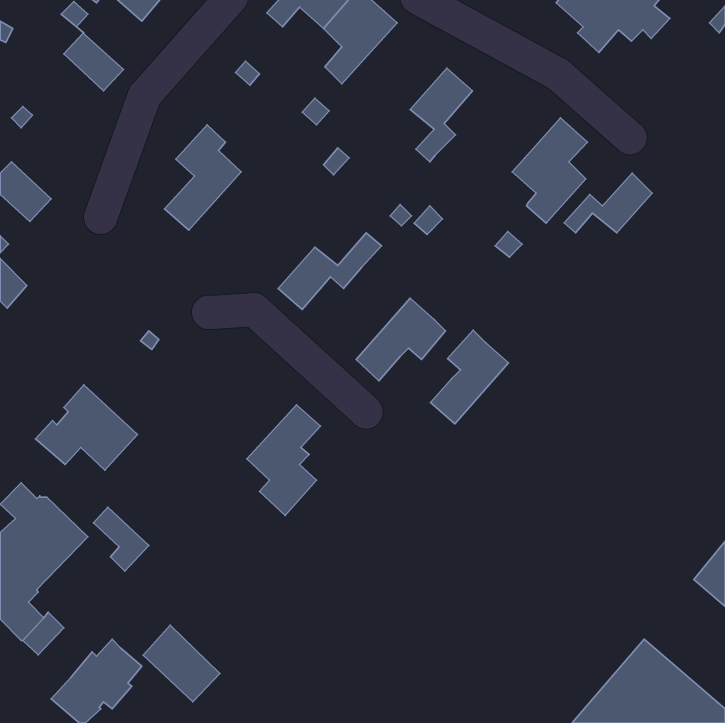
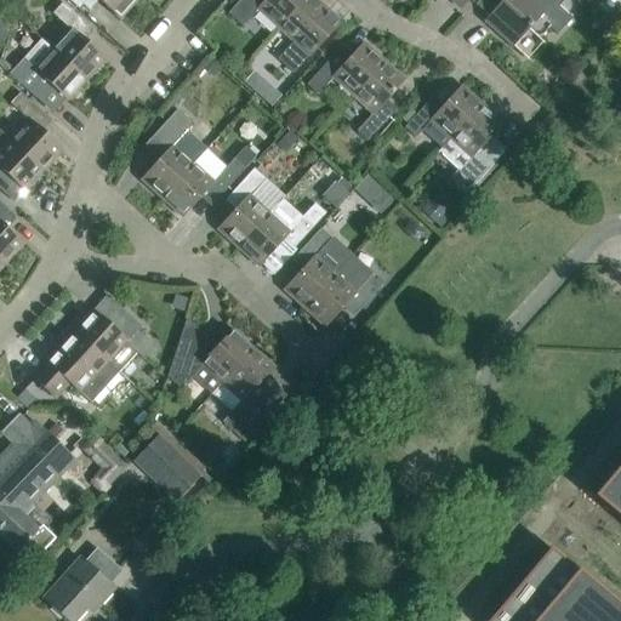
building: none -> [307,41,382,93]
building: none -> [11,46,89,99]
building: none -> [10,118,63,170]
building: none -> [161,147,246,215]
building: [564,173,652,233] -> [404,84,479,135]
building: none -> [217,166,284,246]
building: [431,330,509,424] -> [284,227,351,307]
building: none -> [72,306,155,371]
building: none -> [167,327,253,392]
building: [143,625,220,702] -> [135,433,200,498]

